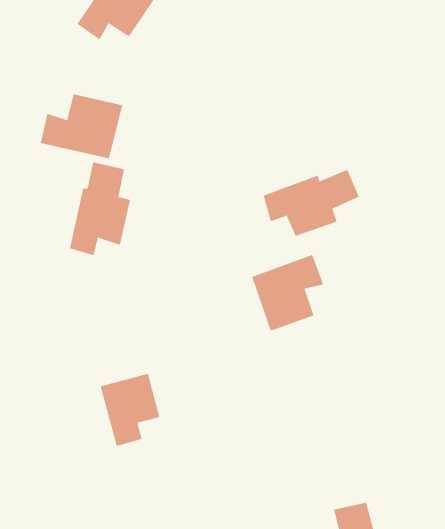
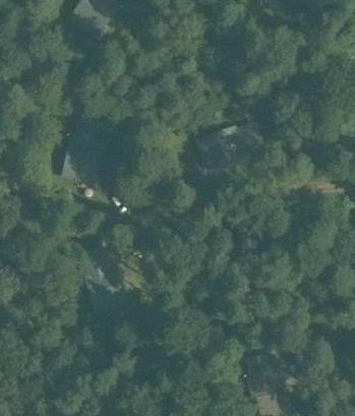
building: [40,94,123,159] -> none
building: [252,254,324,332] -> none

